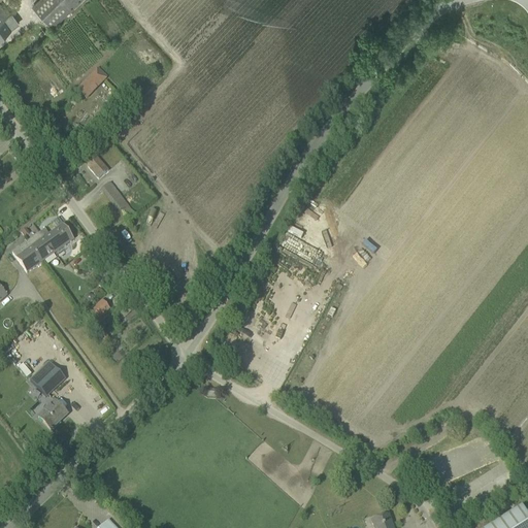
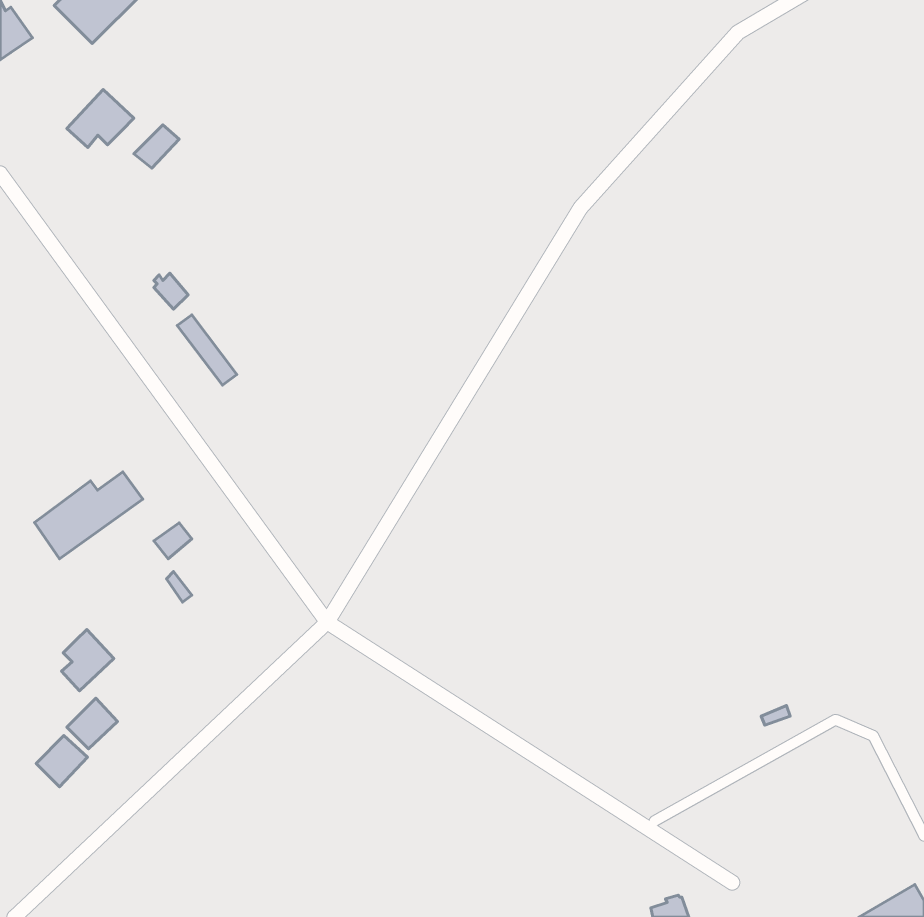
building: none -> [67,90,134,147]
building: [12,221,74,270] -> [34,472,143,559]
building: none -> [36,736,88,787]

